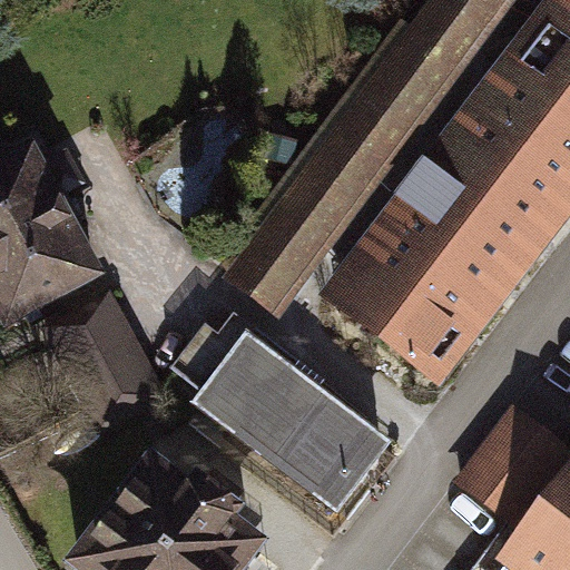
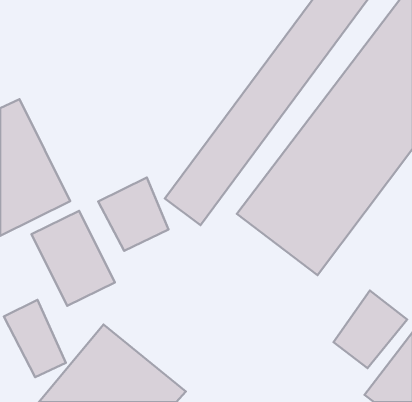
building: none -> [98,178,168,251]
building: [189,333,382,511] -> none
building: none -> [4,300,66,377]

